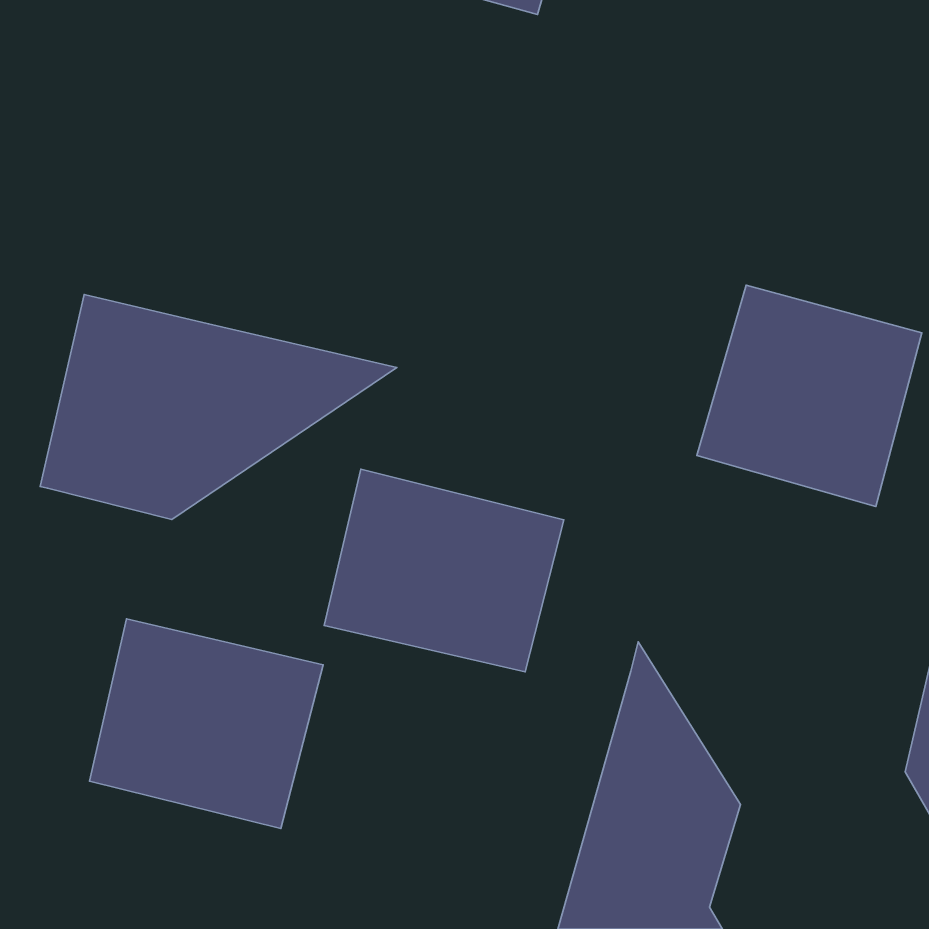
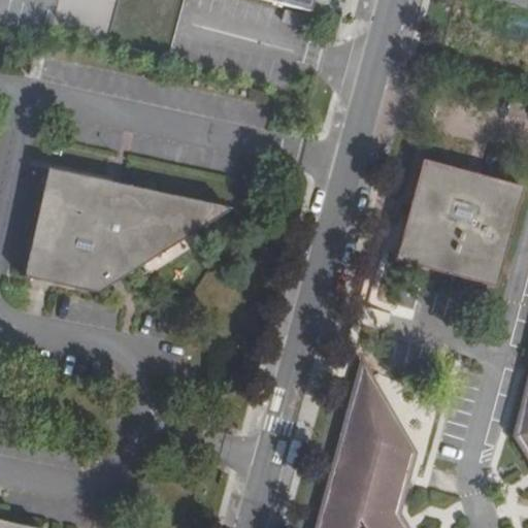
building: [324,469,564,672] -> none
building: [89,619,323,828] -> none

